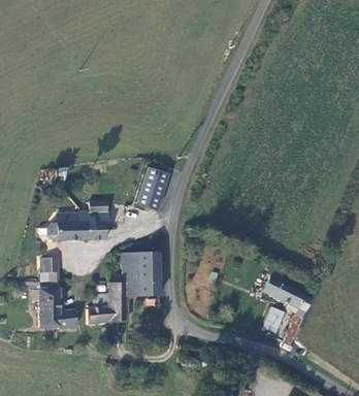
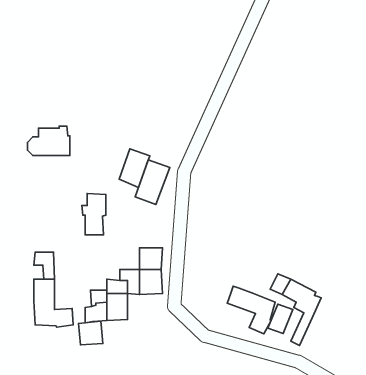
building: none -> [119,149,150,188]
building: [47,212,88,240] -> [28,126,70,155]
building: [121,253,139,273] -> none
building: none -> [227,286,275,334]
building: none -> [78,321,103,345]

